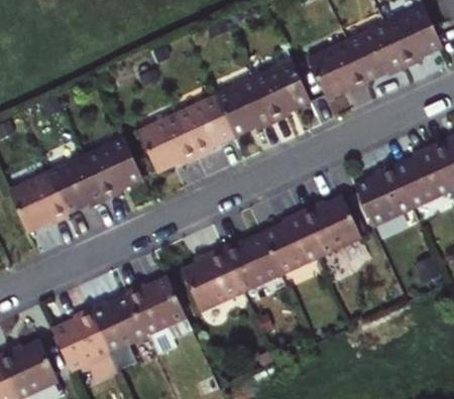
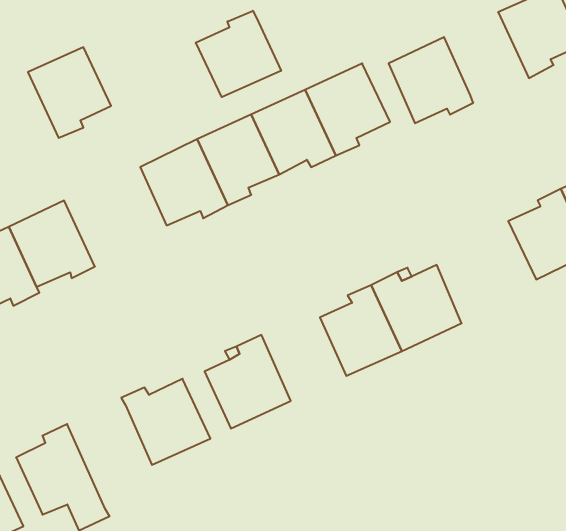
building: none -> [196,11,281,97]
building: [347,24,406,82] -> none
building: [85,137,142,200] -> [28,47,111,138]
building: [354,163,411,226] -> none
building: [221,235,279,292] -> none
building: [87,295,145,367] -> none

